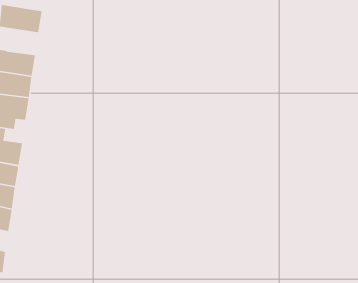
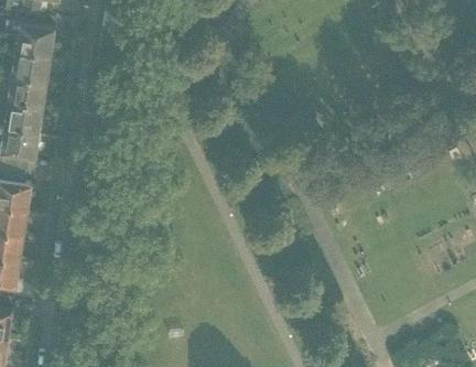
building: none -> [12,50,51,80]

